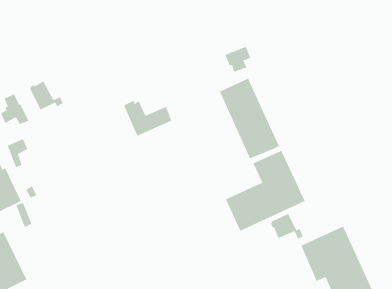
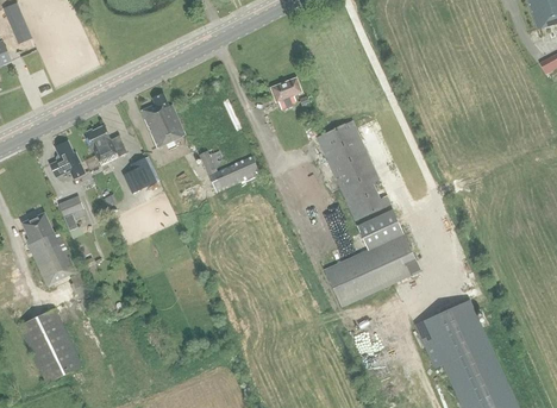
building: [225,46,251,72] -> [270,76,302,108]
building: none -> [140,92,184,146]
building: none -> [125,157,155,190]
building: [271,213,303,240] -> none

